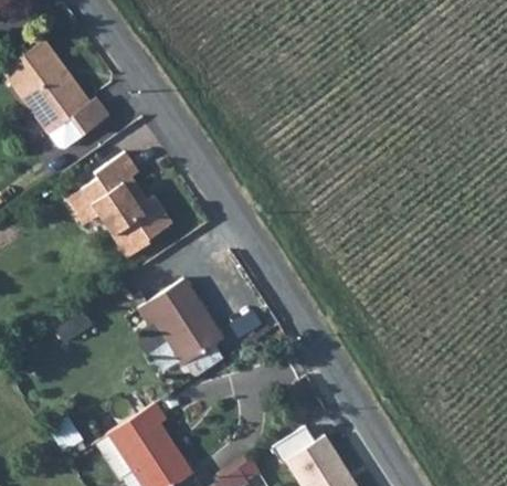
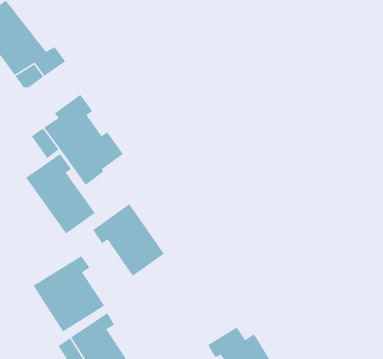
building: none -> [25,153,96,235]
building: none -> [33,255,105,332]

